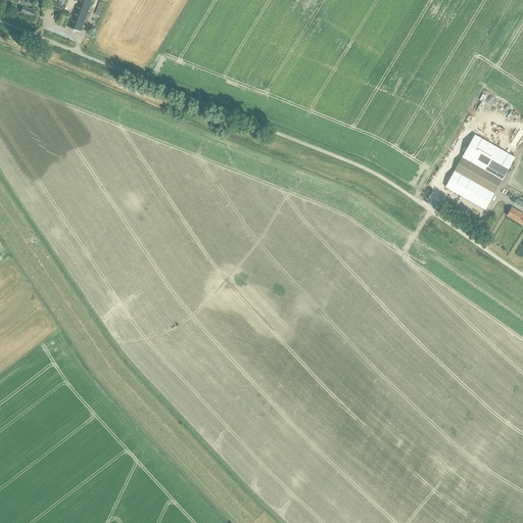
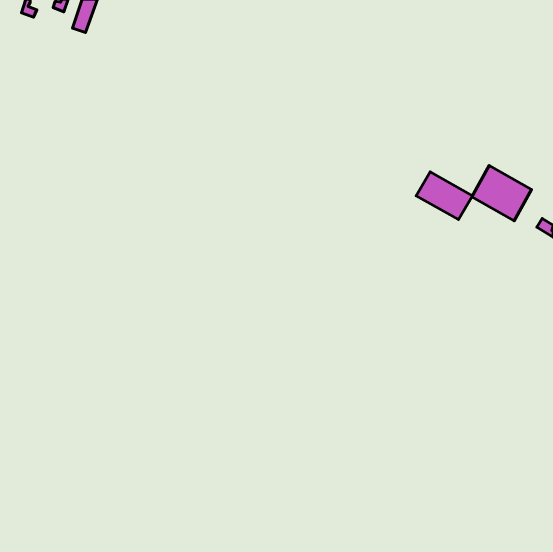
building: [462,134,515,179] -> [416,172,473,220]

